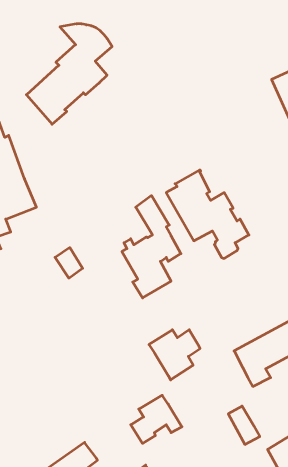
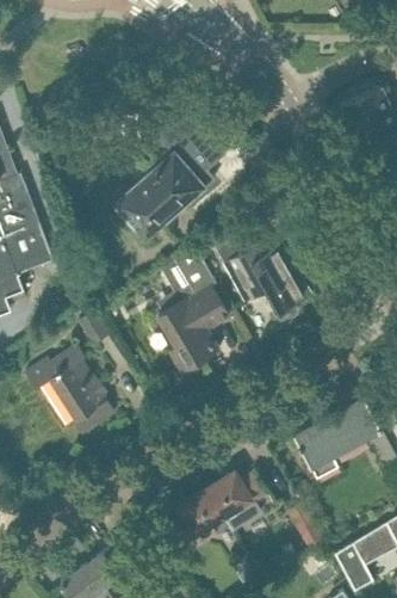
building: [26,24,112,124] -> [117,118,221,240]
building: none -> [24,347,114,436]
building: [149,330,200,380] -> [206,471,268,532]

